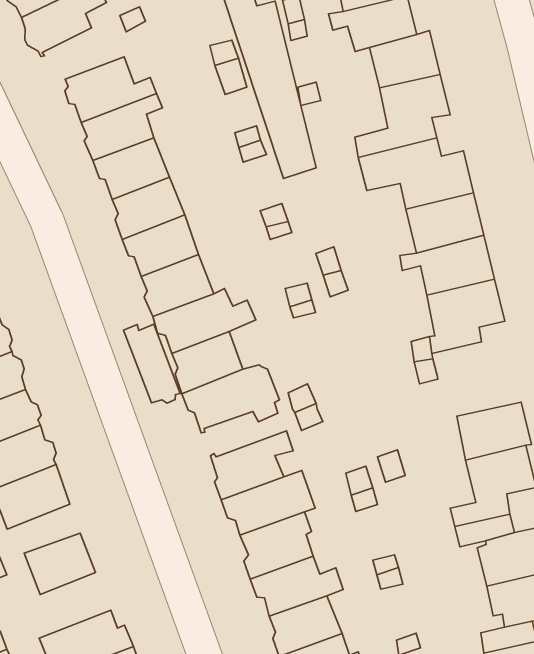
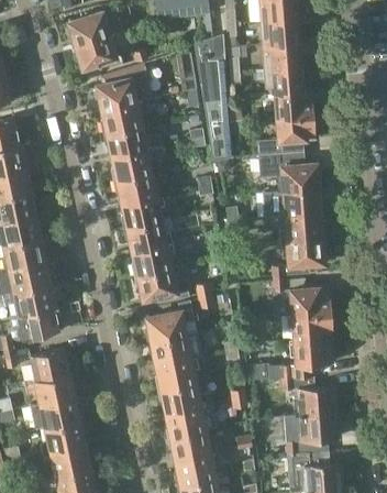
building: [123,324,180,403] -> none
building: none -> [290,286,331,315]
building: none -> [30,373,75,406]

